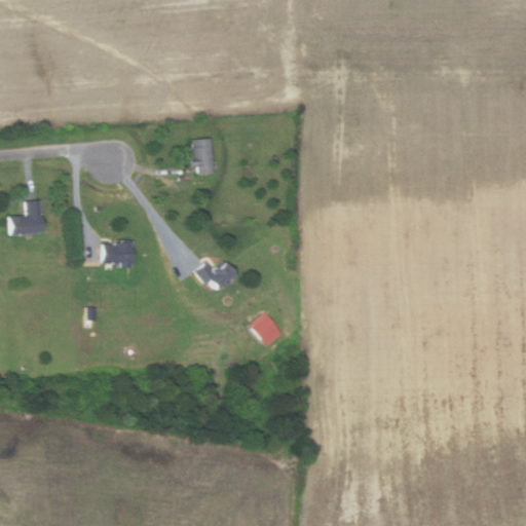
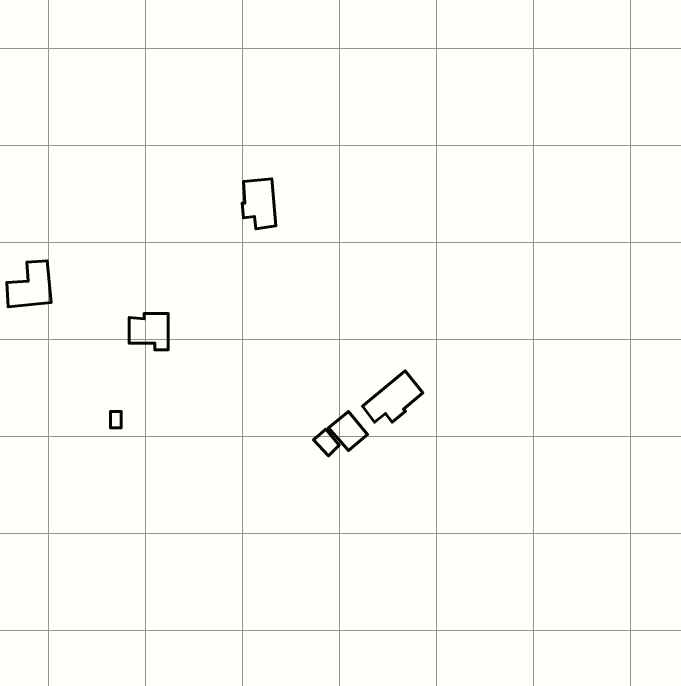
building: [195,259,235,291] -> none
building: none -> [363,371,423,422]

